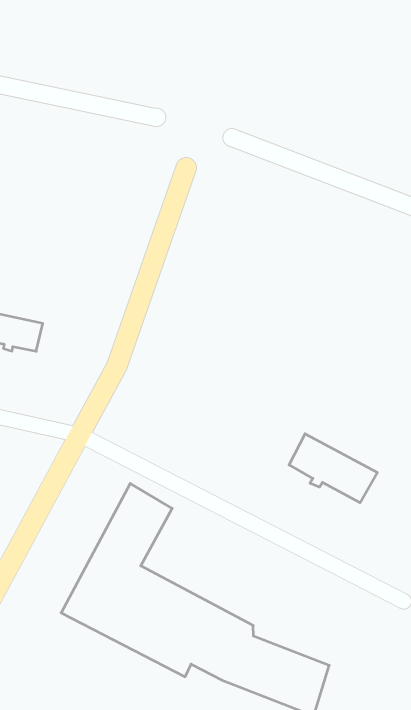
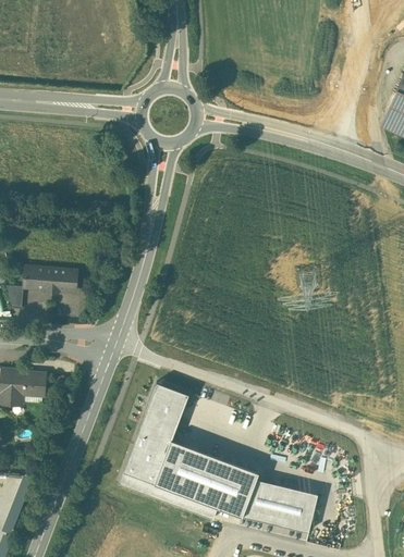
building: [289,434,377,503] -> none

